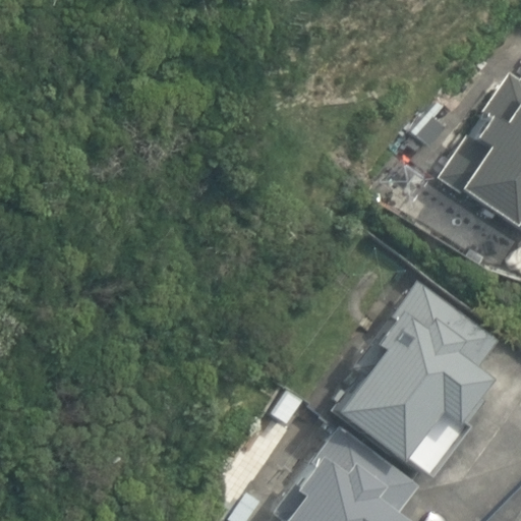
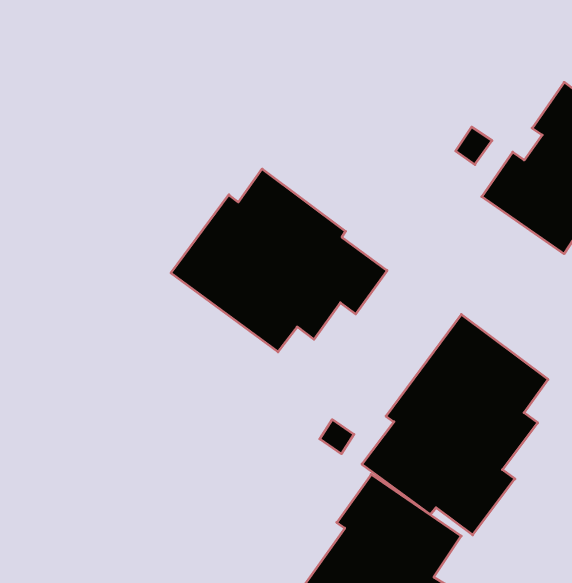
building: none -> [171,169,387,352]

